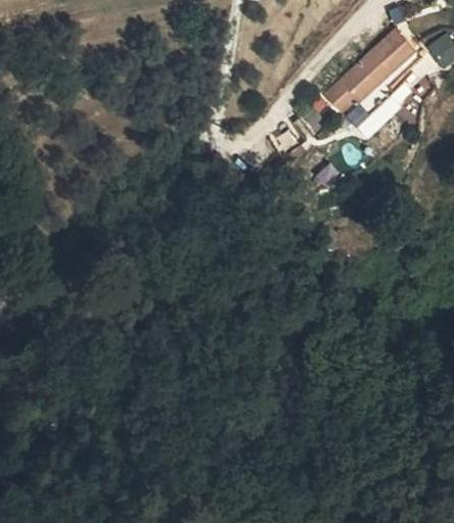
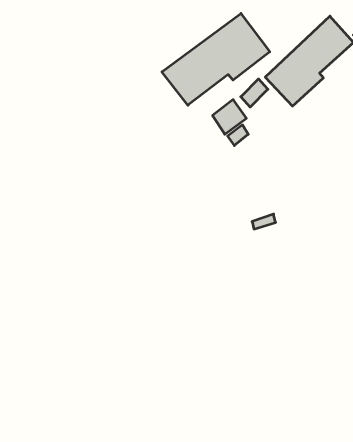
building: none -> [162,13,270,105]

